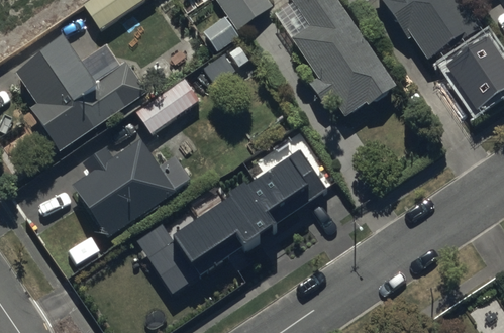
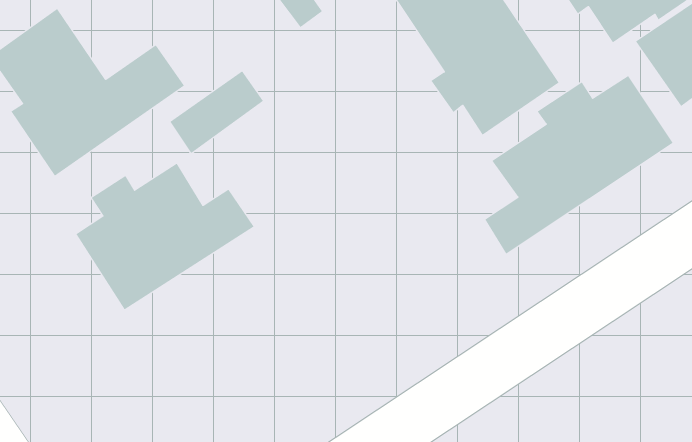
building: none -> [485,75,674,255]
building: [136,143,329,291] -> none

